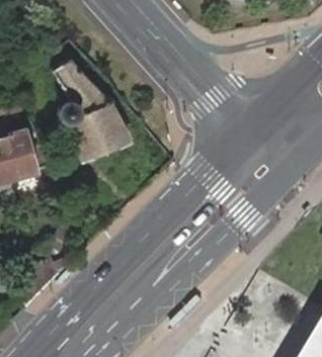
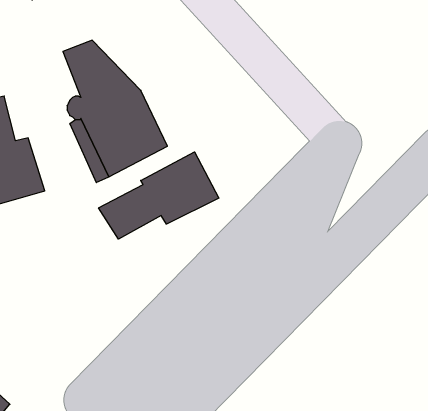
building: none -> [99,152,219,239]

